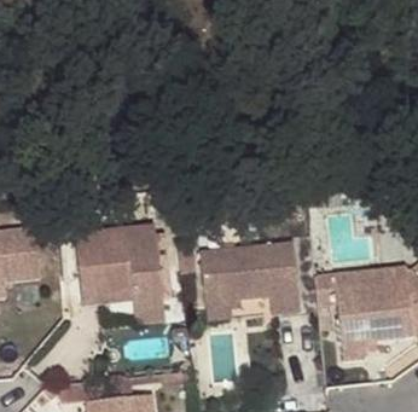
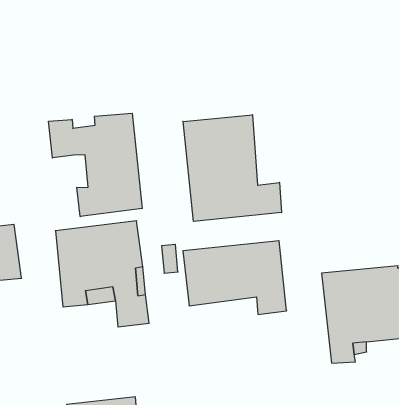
building: none -> [49,113,142,217]
building: none -> [183,115,282,221]

